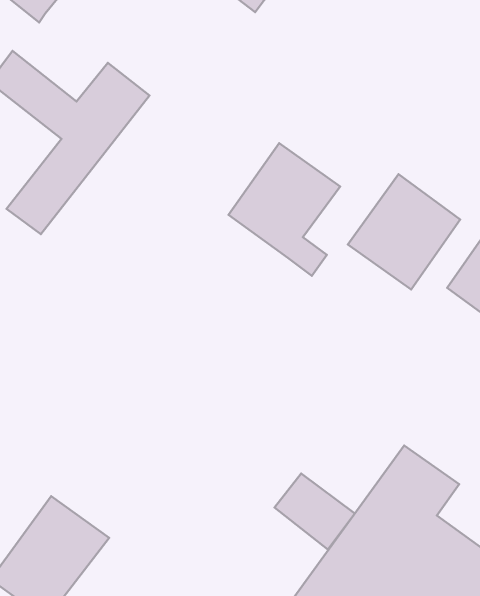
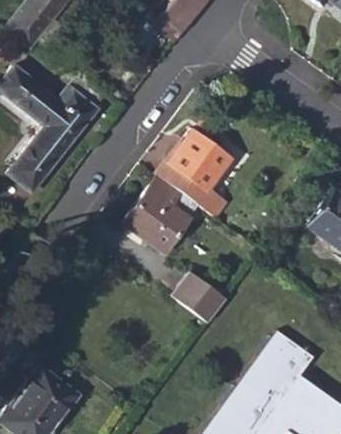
building: [348,174,460,289] -> none
building: none -> [124,176,199,252]
building: [274,473,355,549] -> [172,271,226,322]

